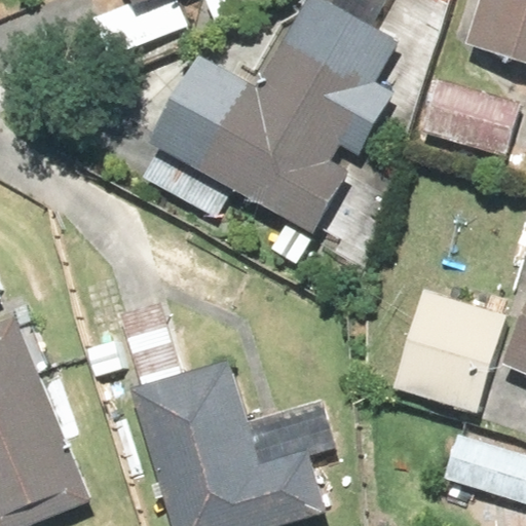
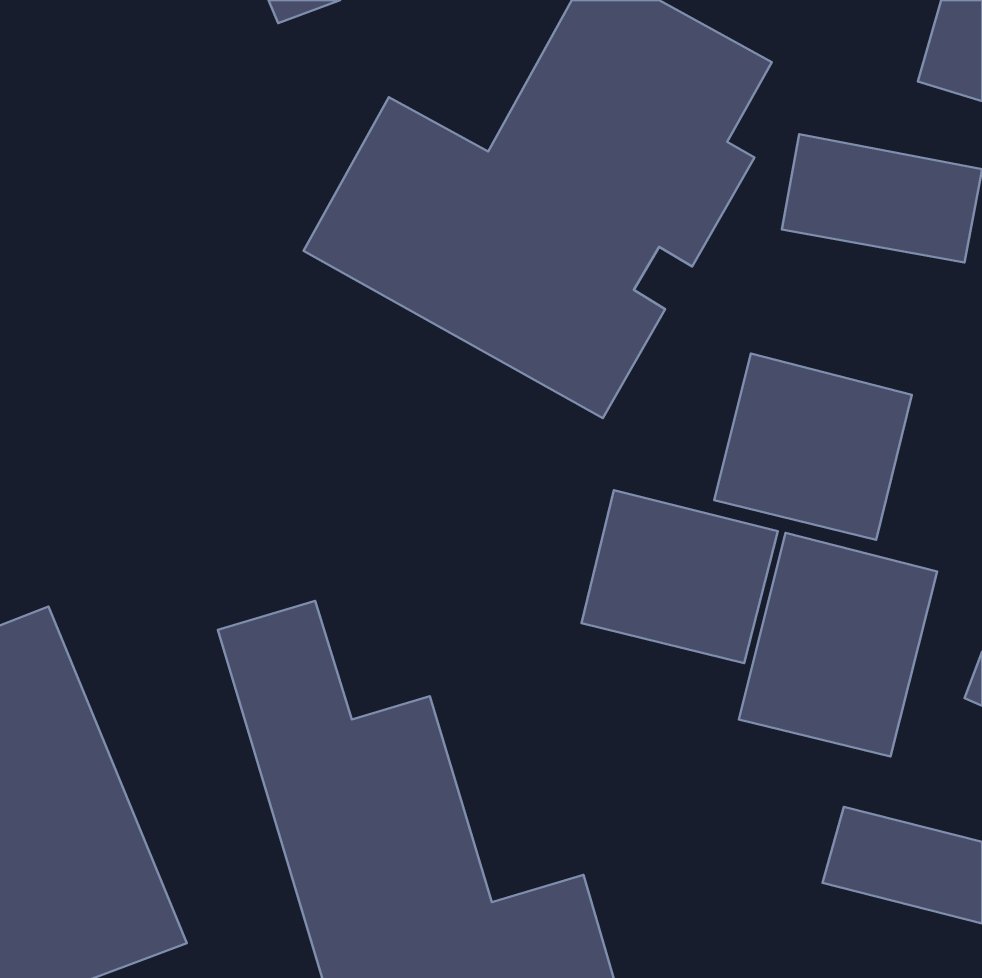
building: none -> [714,354,912,540]
building: none -> [582,490,778,663]

